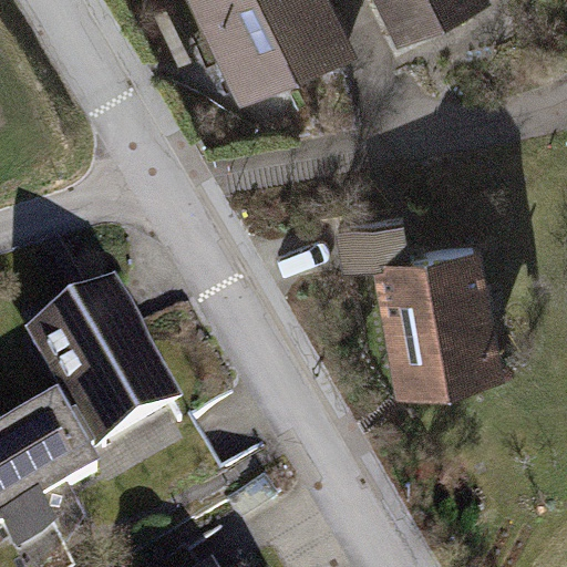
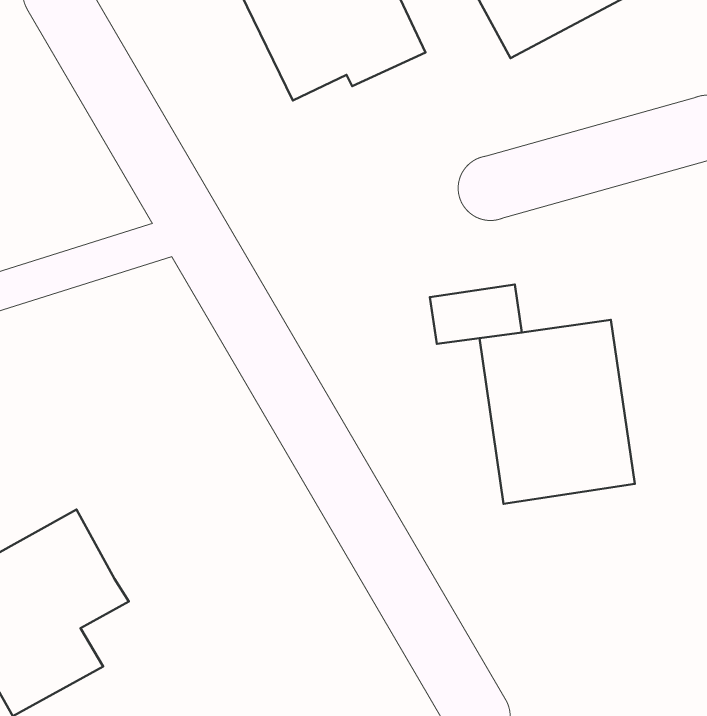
building: [23,285,179,453] -> none

